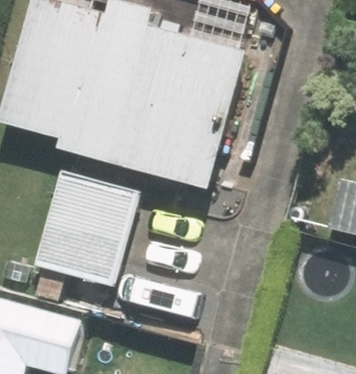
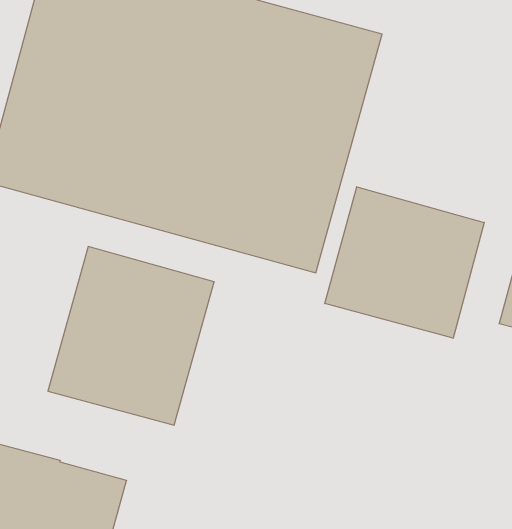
building: none -> [325,187,484,338]

